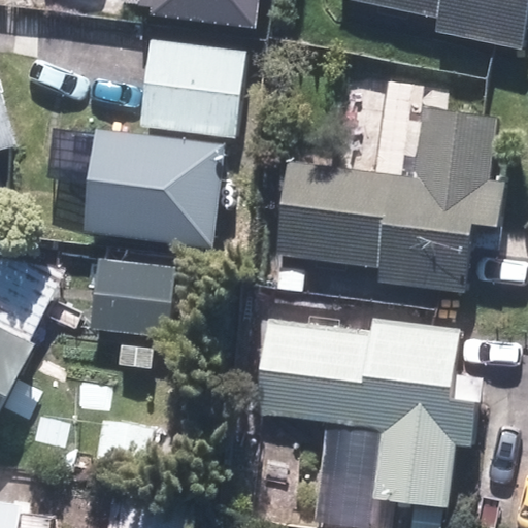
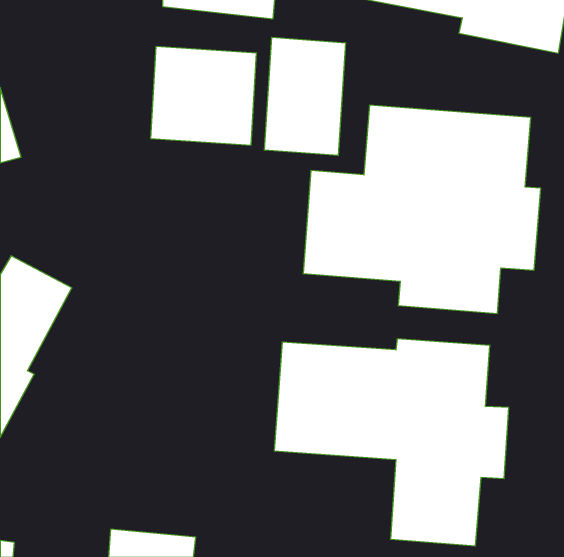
building: none -> [264,37,346,156]
building: [85,140,218,246] -> none
building: [92,259,171,340] -> none

